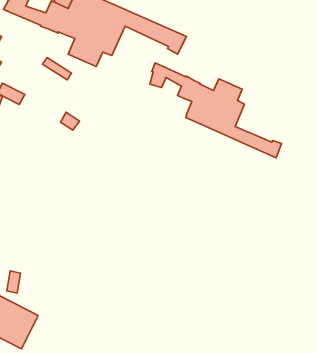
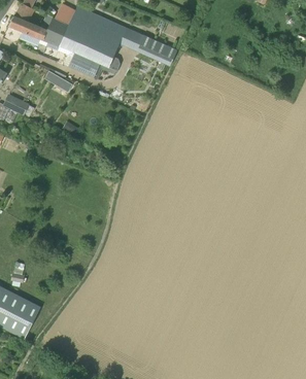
building: [150,63,282,158] -> none

